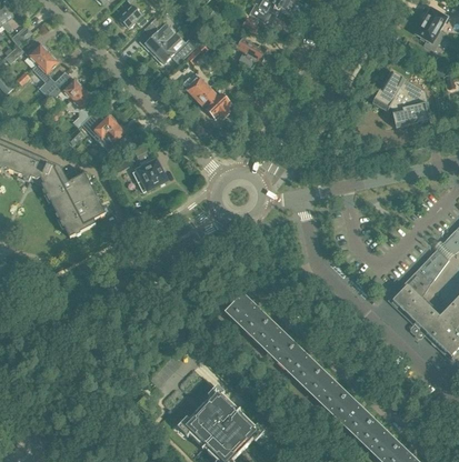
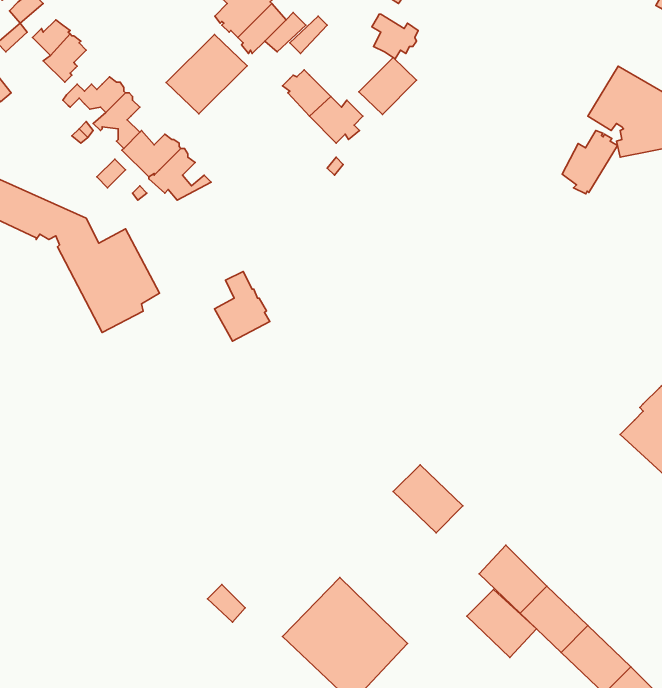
building: none -> [166,34,247,114]
building: none -> [359,58,417,114]
building: none -> [562,131,617,194]
building: [132,149,167,192] -> [215,271,270,341]
building: [226,294,268,335] -> none
building: [278,344,321,386] -> [467,590,537,657]

